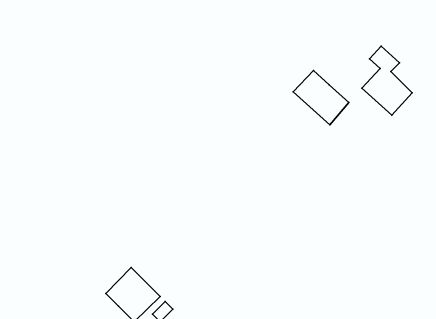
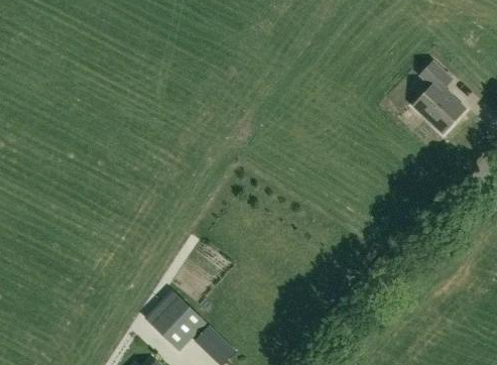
building: [293,71,349,125] -> none

